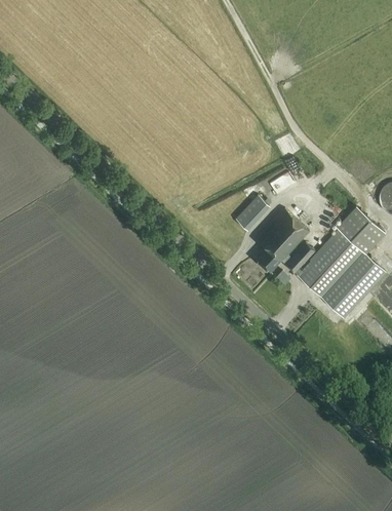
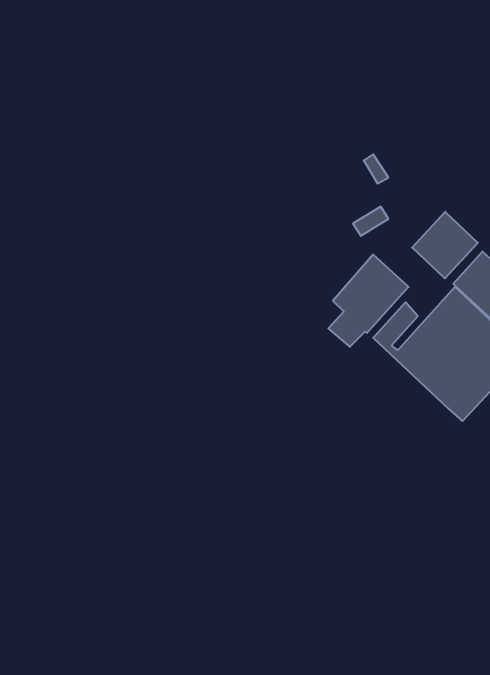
building: none -> [412,212,478,278]
building: [236,194,271,230] -> none

